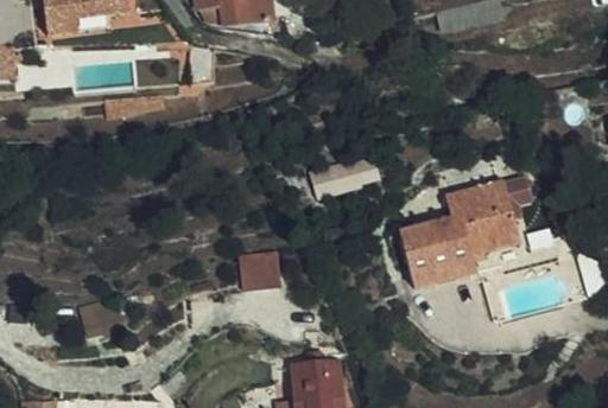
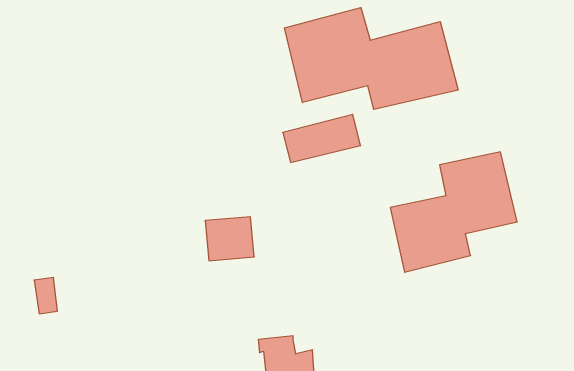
building: none -> [284,8,458,109]

